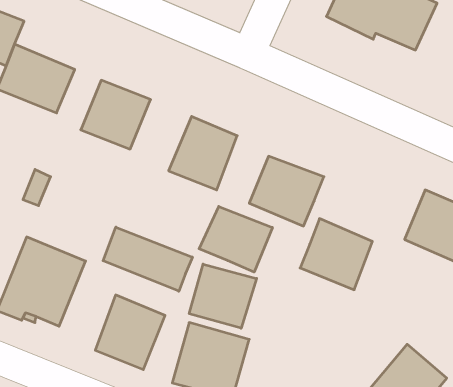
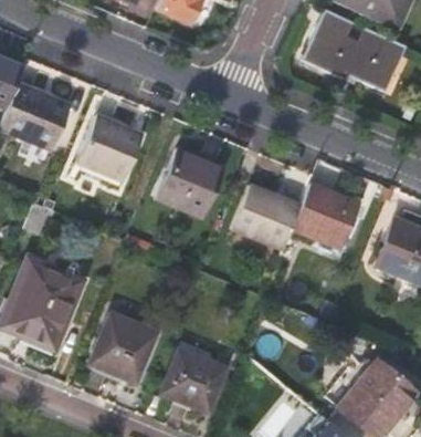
building: [199,206,272,272] -> none
building: [300,219,372,290] -> [292,183,358,248]
building: [103,227,192,291] -> none
building: [189,264,257,328] -> none

